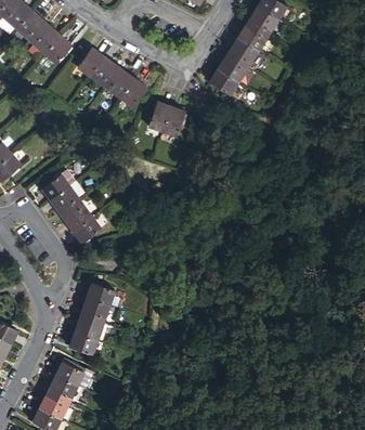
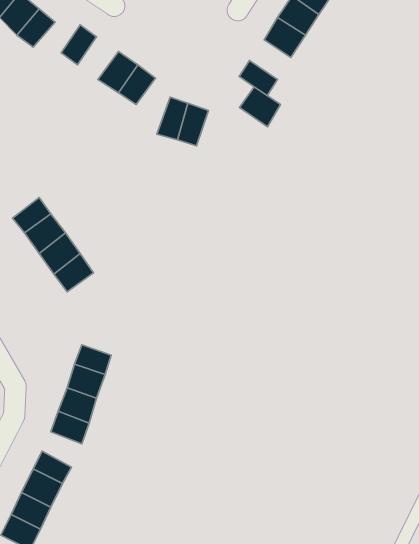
building: [89,55,119,87] -> none
building: [216,57,246,87] -> [239,87,281,127]

